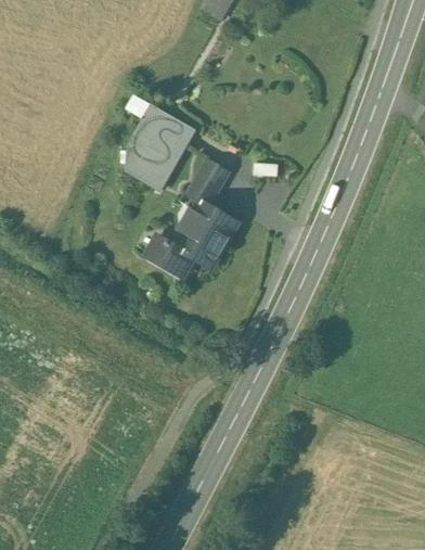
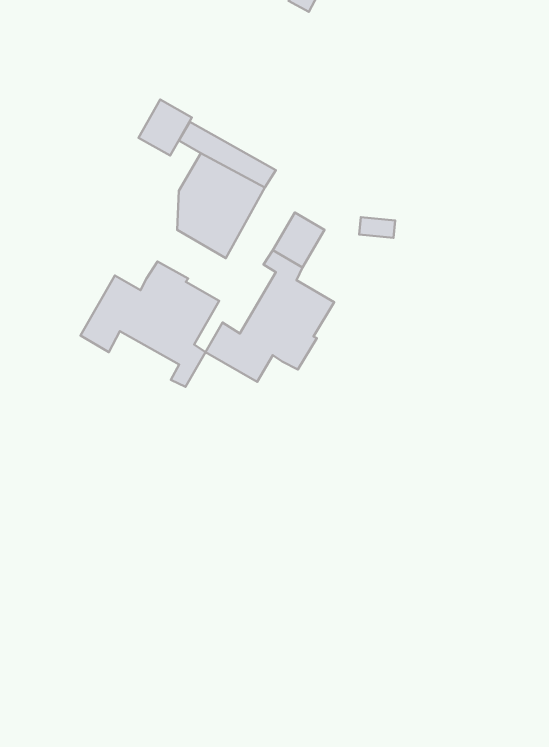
building: none -> [139,100,192,156]
building: none -> [80,261,219,387]

